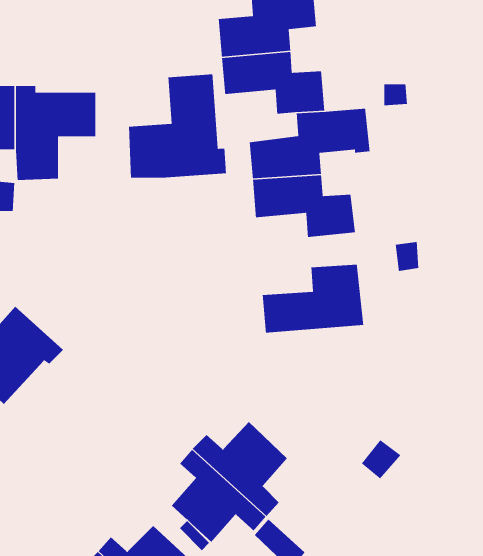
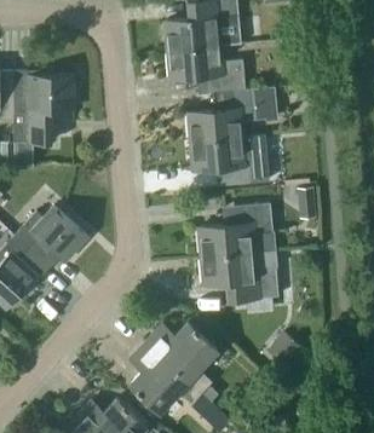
building: [128,74,227,179] -> none
building: none -> [13,206,87,269]
building: none -> [200,250,277,306]

